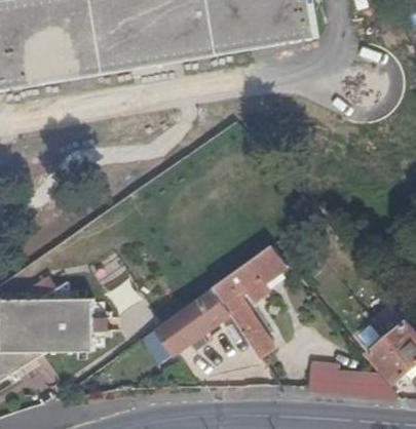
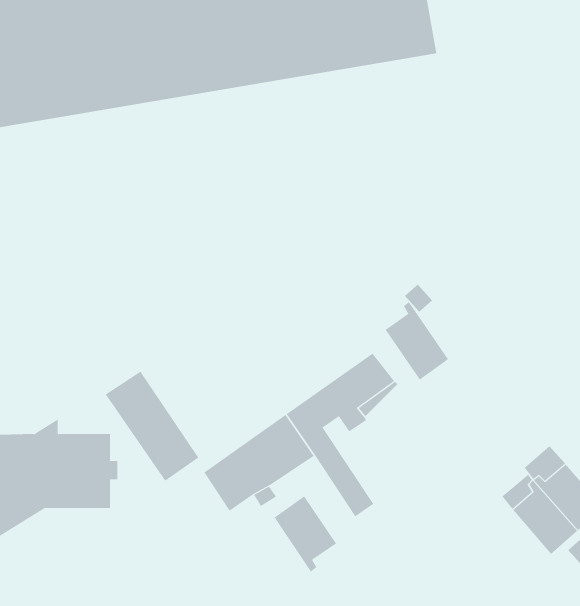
building: none -> [385,301,449,380]
building: none -> [274,496,337,572]
building: [306,366,395,397] -> none

